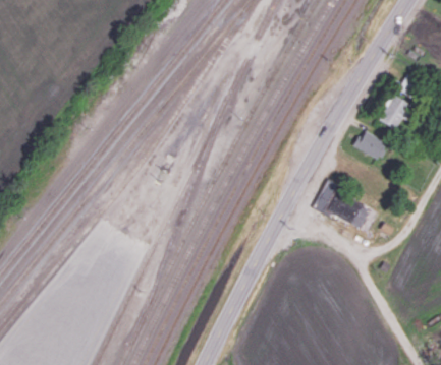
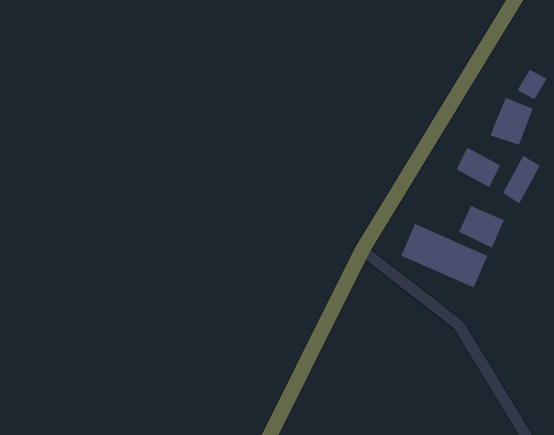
building: none -> [502,155,541,204]
building: none -> [458,205,504,249]

